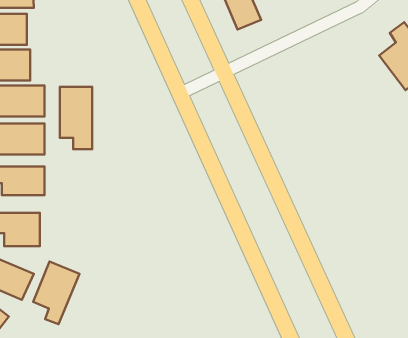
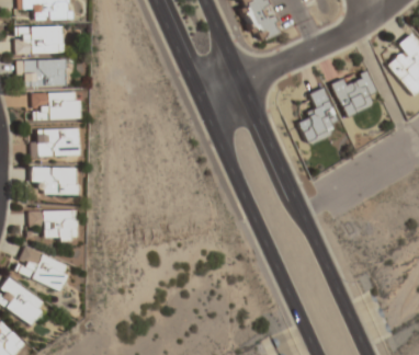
building: none -> [332,68,377,116]
building: none -> [297,85,340,144]
building: [60,87,92,149] -> none
building: [33,261,79,324] -> none

